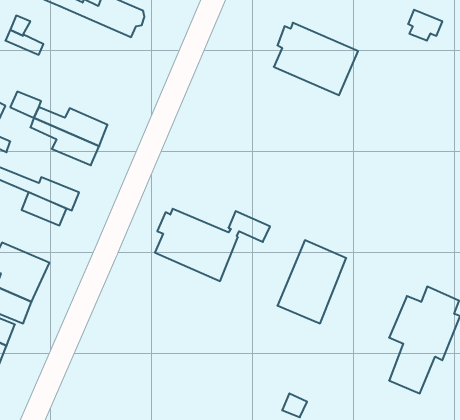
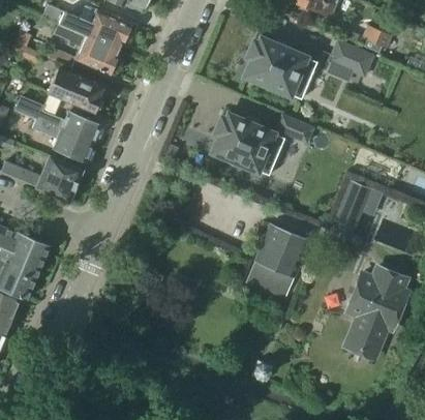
building: none -> [53,22,120,72]
building: none -> [325,40,373,81]
building: none -> [47,67,102,111]
building: none -> [331,178,381,228]
building: [22,192,67,225] -> [41,155,81,184]
building: [155,209,270,281] -> [212,113,312,176]

